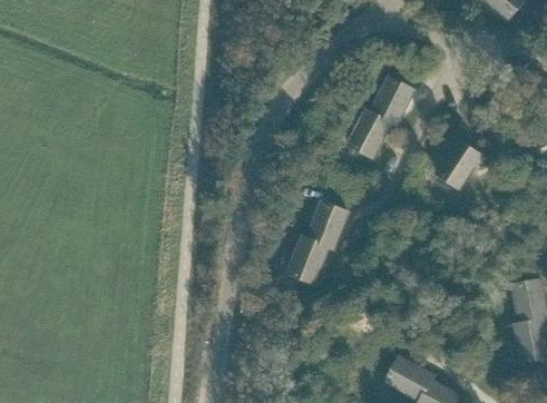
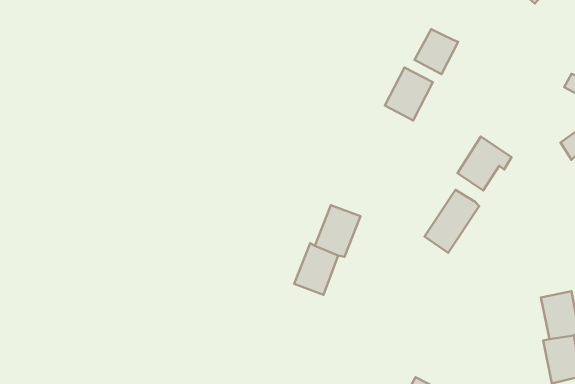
building: none -> [415,29,458,74]
building: [348,110,391,158] -> none
building: none -> [424,190,479,253]

